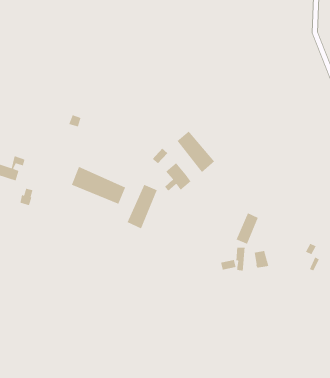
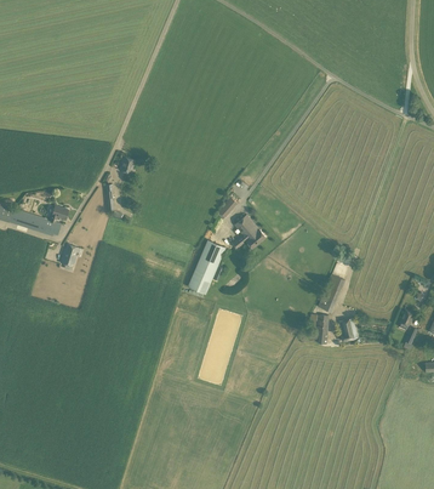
building: [176,130,215,173] -> none
building: [71,166,126,205] -> none

